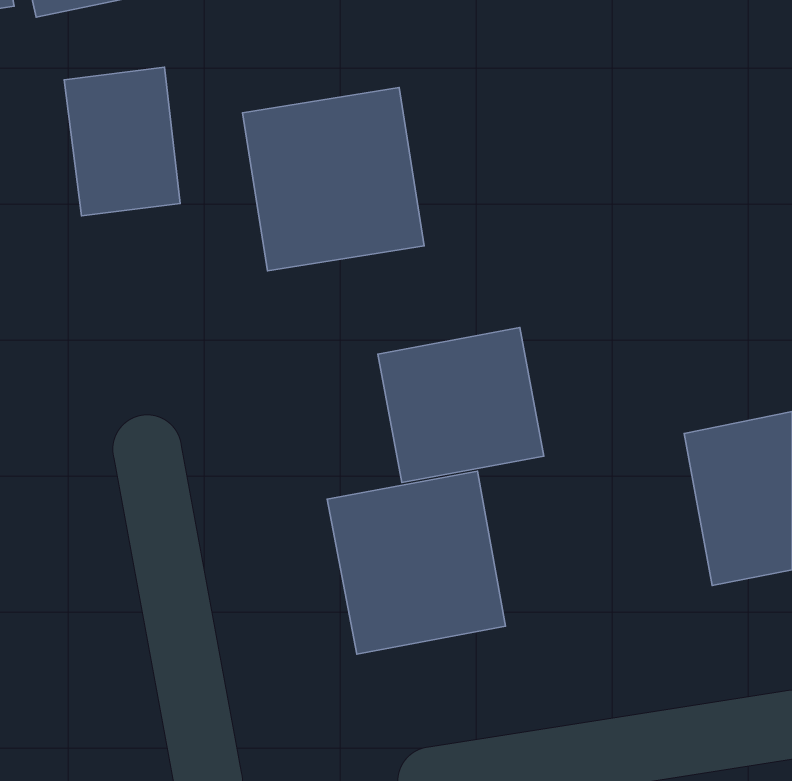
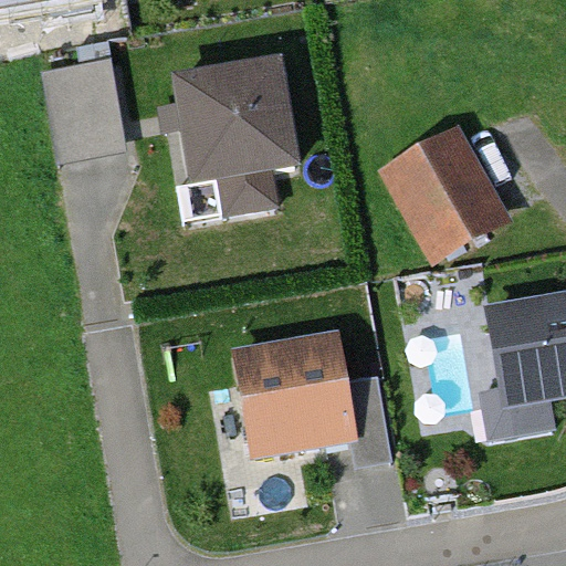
building: none -> [376,120,513,264]
building: [378,328,544,483] -> none

